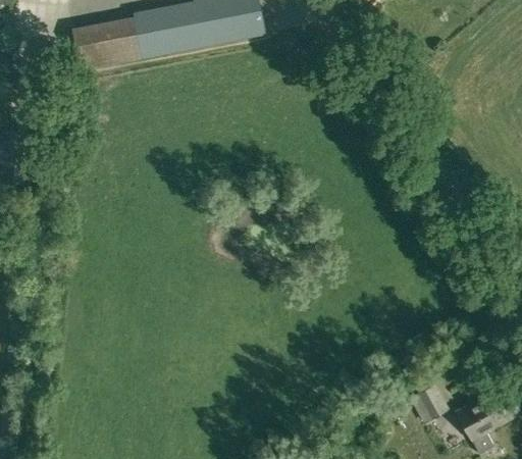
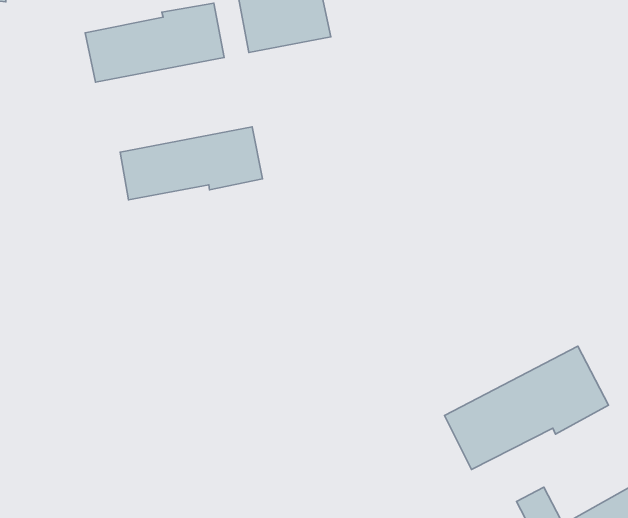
building: none -> [120,127,262,200]
building: none -> [445,346,609,470]

